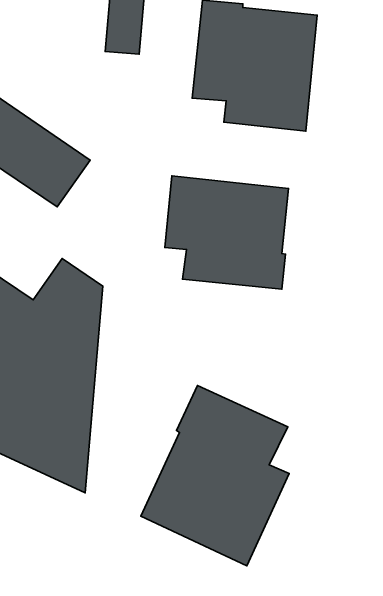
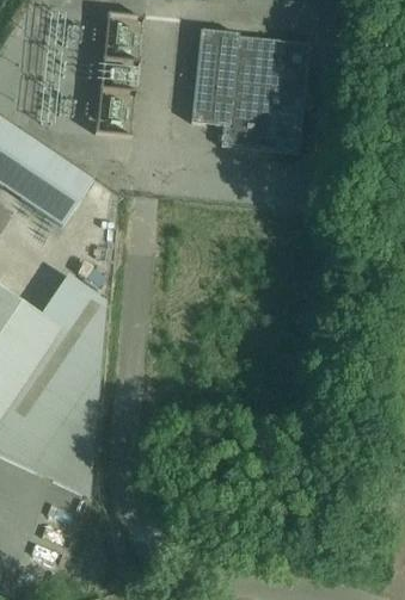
building: [165,176,289,289] -> none
building: [141,385,289,566] -> none

